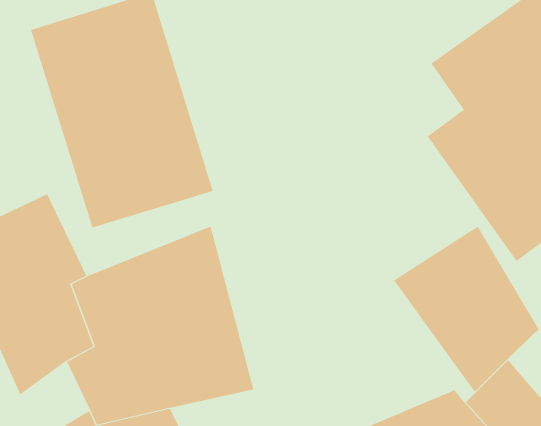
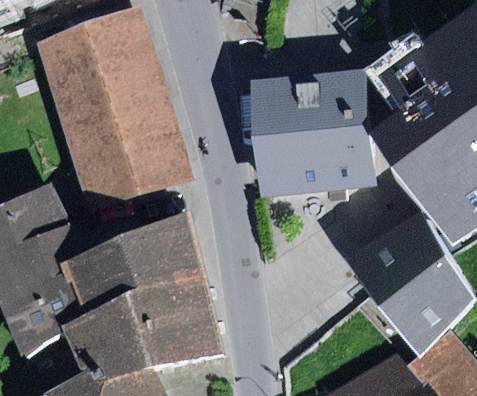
building: none -> [254,73,375,197]

